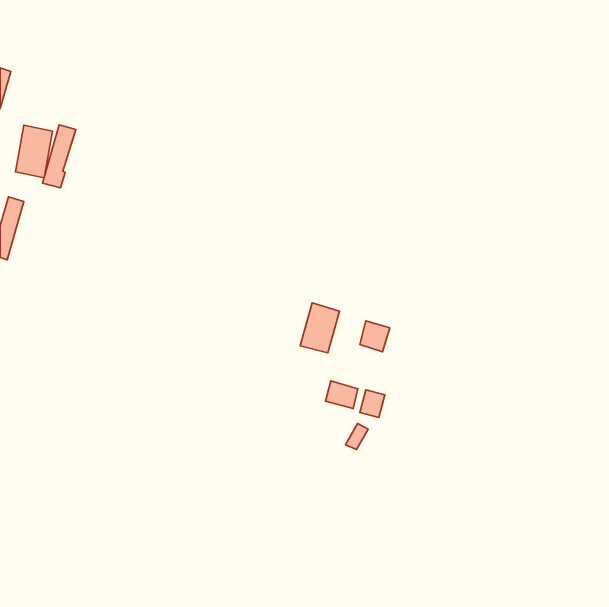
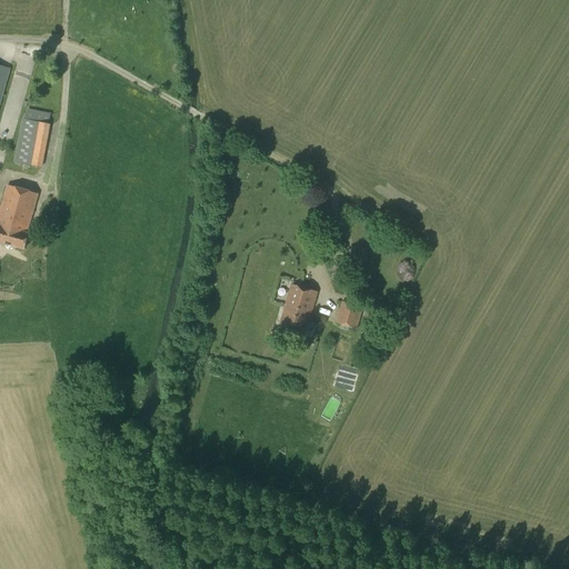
building: [43,125,76,188] -> [7,188,38,247]
building: [325,381,358,409] -> none

